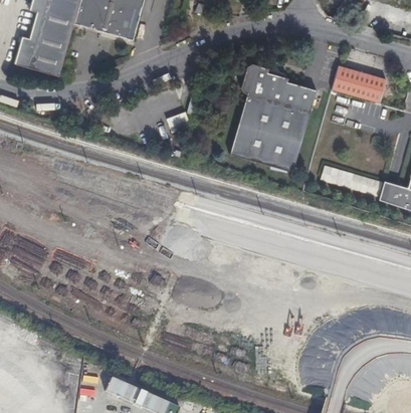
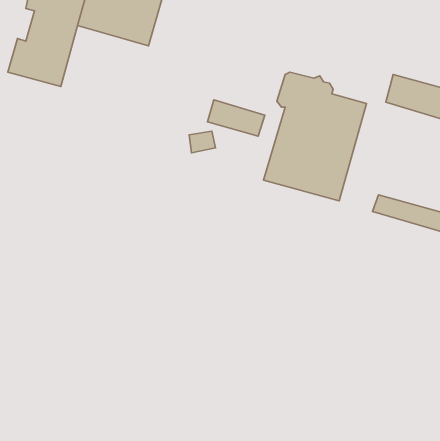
building: none -> [208,100,265,136]

